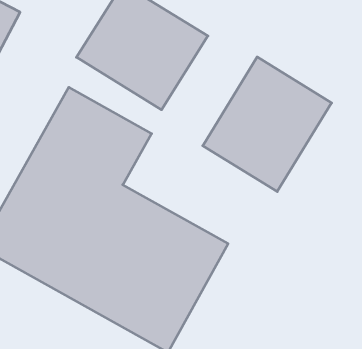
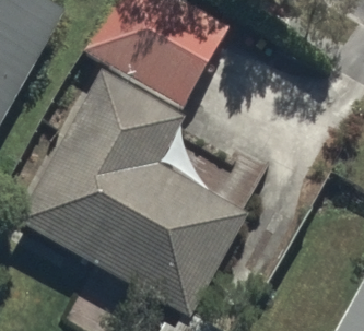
building: [203,57,332,192] -> none

